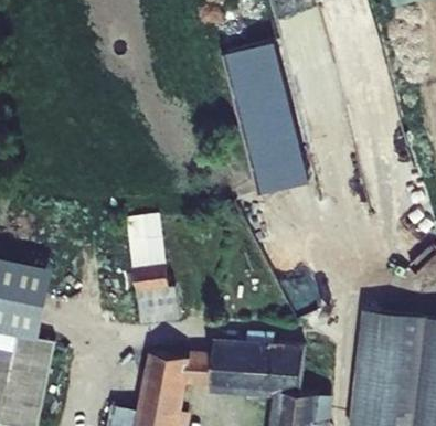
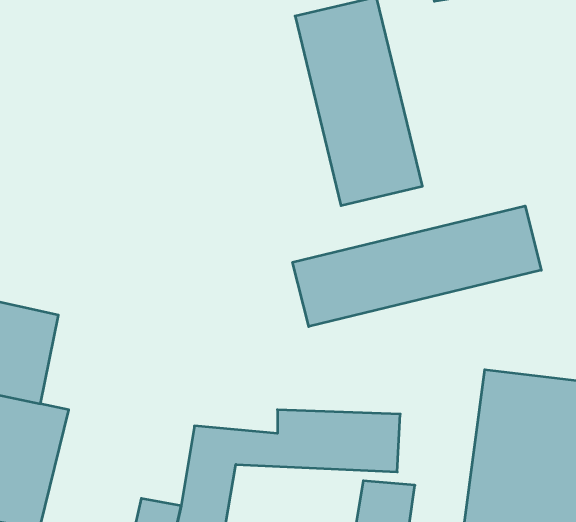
building: none -> [293,206,541,327]
building: [126,220,173,321] -> none

